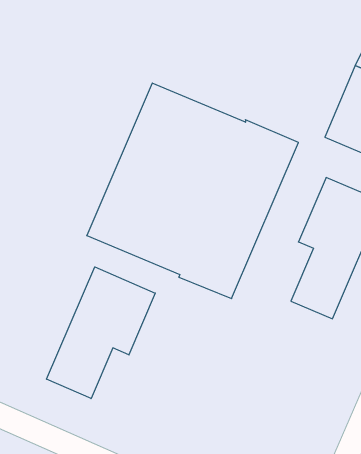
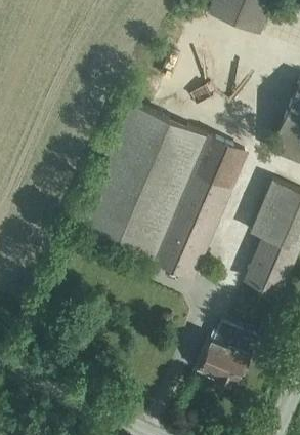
building: [47,267,155,399] -> none
building: none -> [197,324,257,390]

